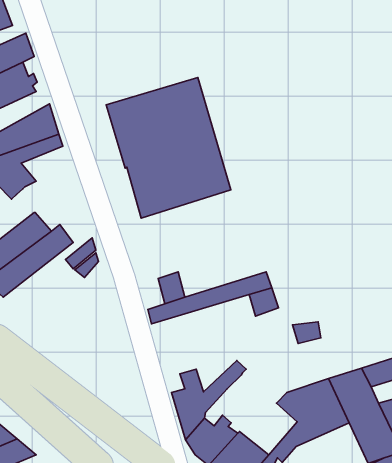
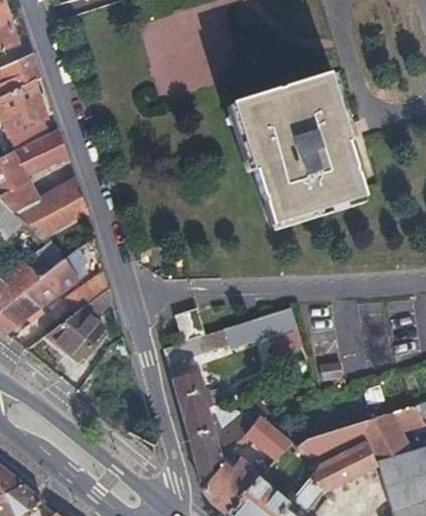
building: [106,77,231,218] -> [236,78,369,228]
building: none -> [32,196,87,238]
building: none -> [48,309,106,362]
building: none -> [172,371,215,436]
building: none -> [248,417,296,460]

